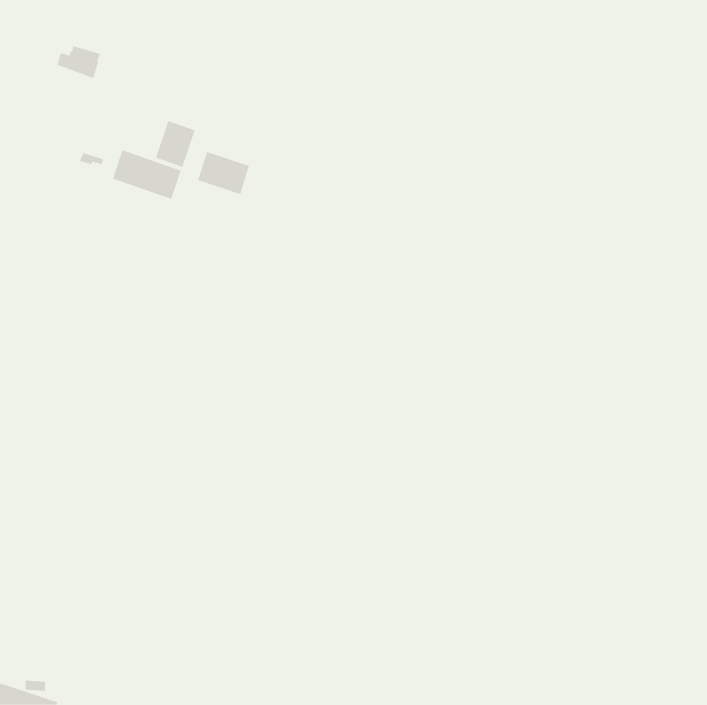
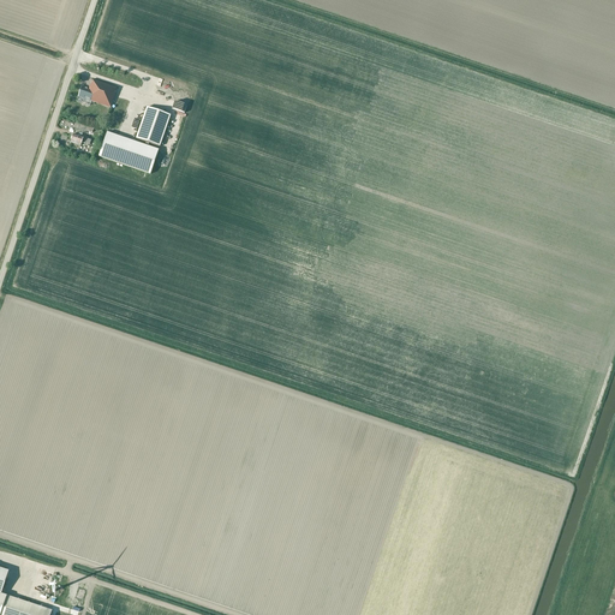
building: [56,45,101,79] -> [77,78,115,107]
building: [197,151,250,195] -> none

